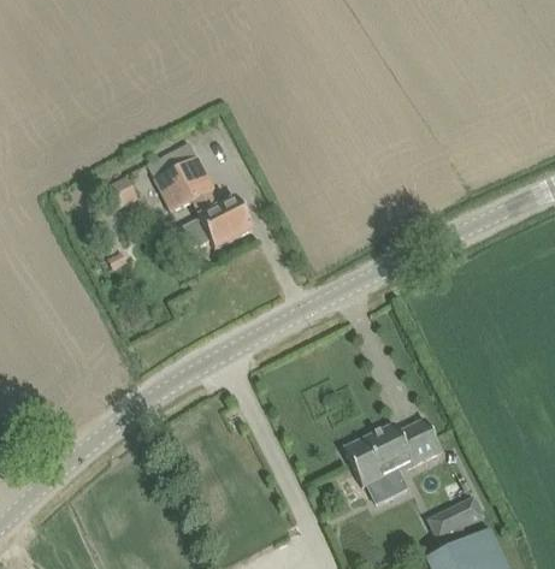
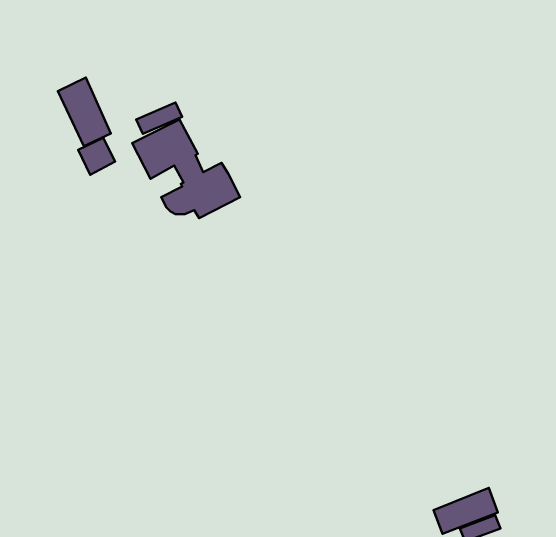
building: none -> [58,77,111,146]
building: [343,419,439,505] -> none

